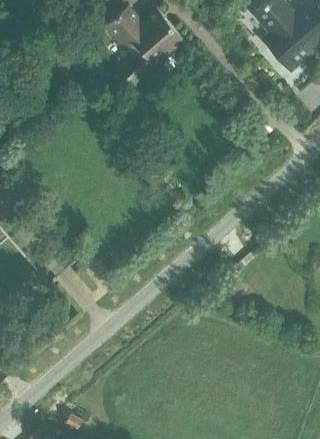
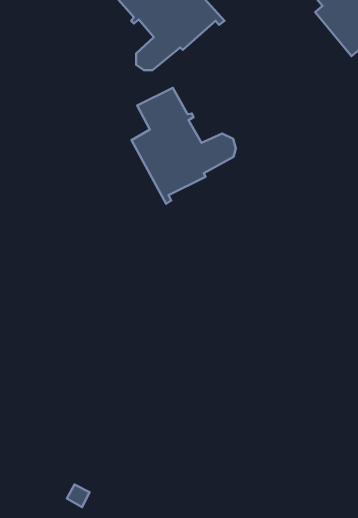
building: none -> [132,88,236,204]

